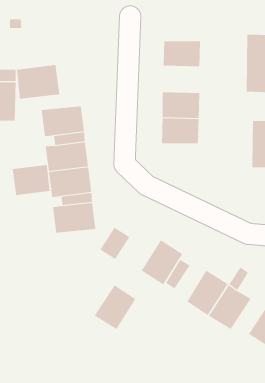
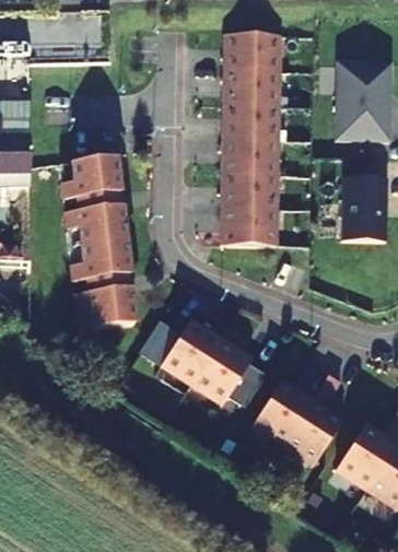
building: none -> [225,36,277,73]
building: [16,64,60,100] -> none
building: none -> [223,107,274,143]
building: none -> [221,212,272,249]
building: [12,164,50,196] -> none
building: [94,285,136,330] -> [164,321,221,383]

